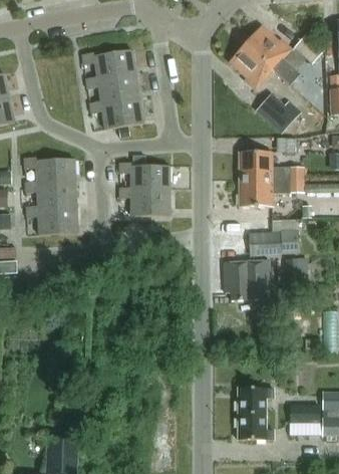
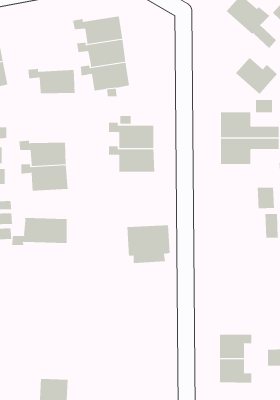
building: [230,44,274,90] -> none
building: [24,158,75,185] -> [28,69,76,94]
building: [248,232,280,256] -> none
building: [224,260,271,301] -> [126,225,171,264]
building: none -> [12,217,67,246]

